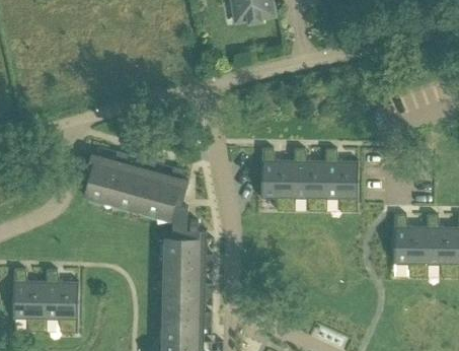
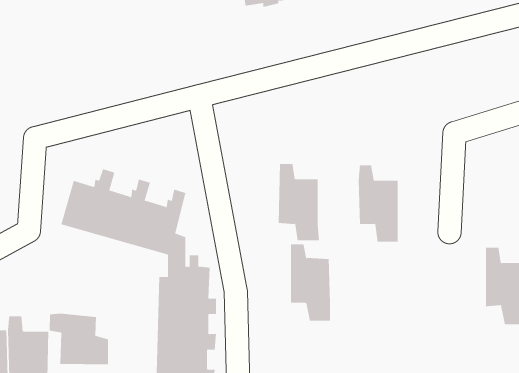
building: [292,149,324,211] -> [290,244,331,321]
building: [392,214,426,276] -> none
building: none -> [49,313,109,365]

